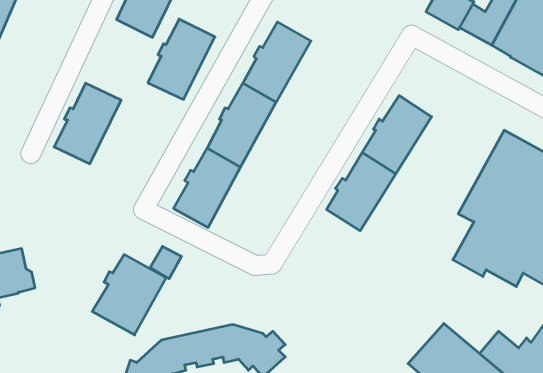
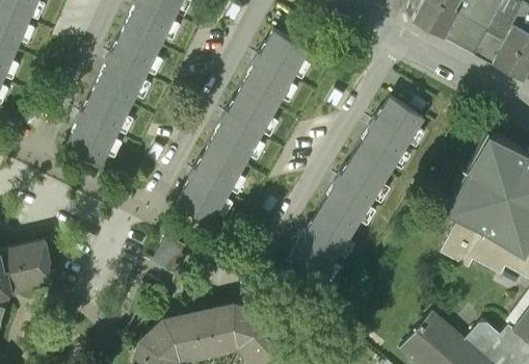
building: [148,19,215,99] -> [97,30,159,105]
building: none -> [284,207,352,287]
building: [92,255,166,335] -> none

